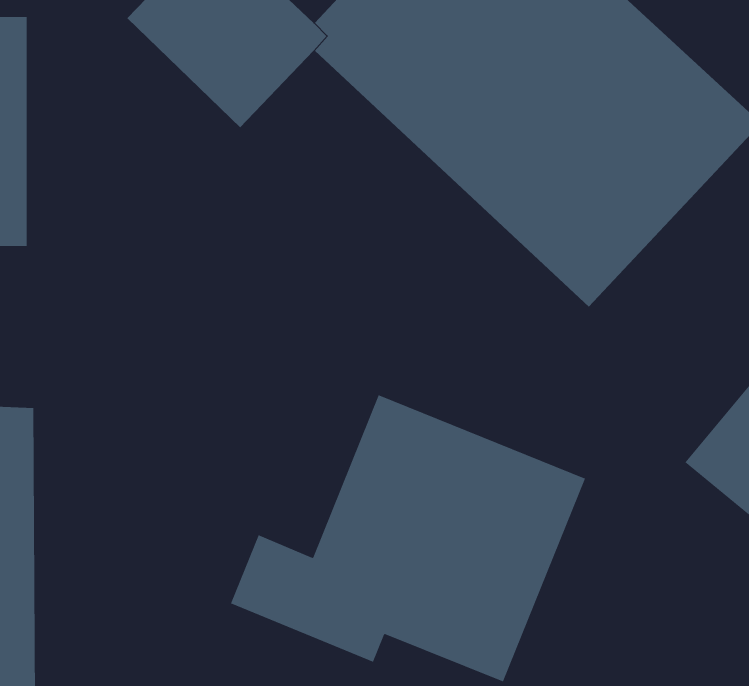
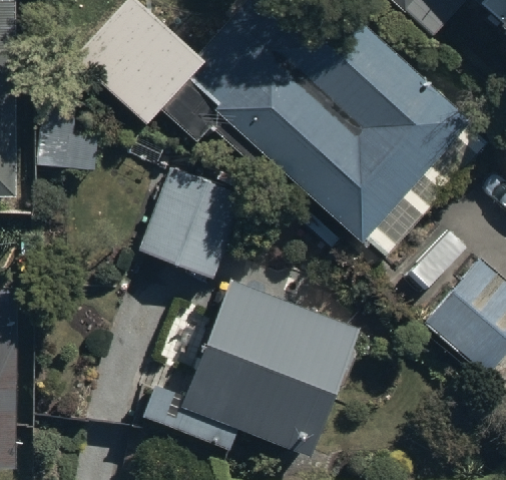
building: none -> [138,167,244,277]

